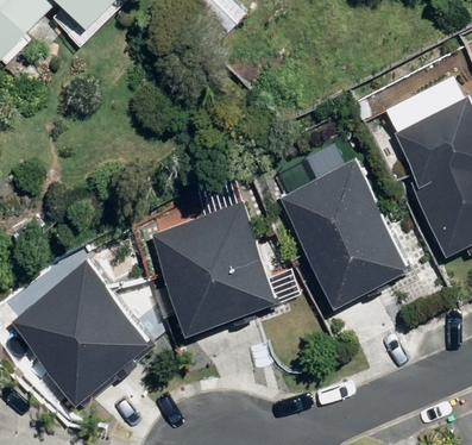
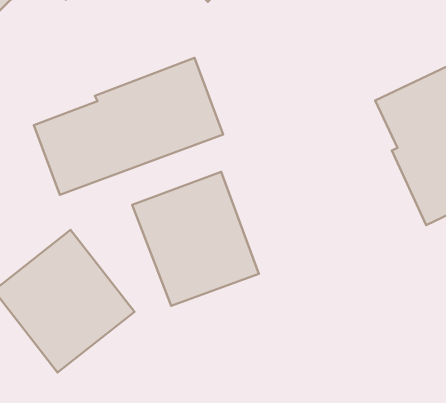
building: none -> [34,58,223,195]
building: [278,159,408,306] -> none

